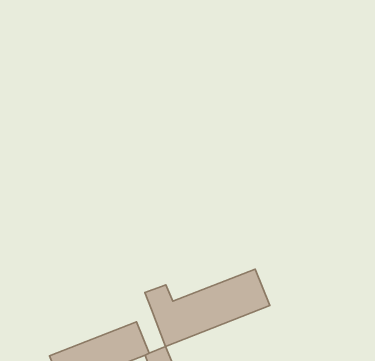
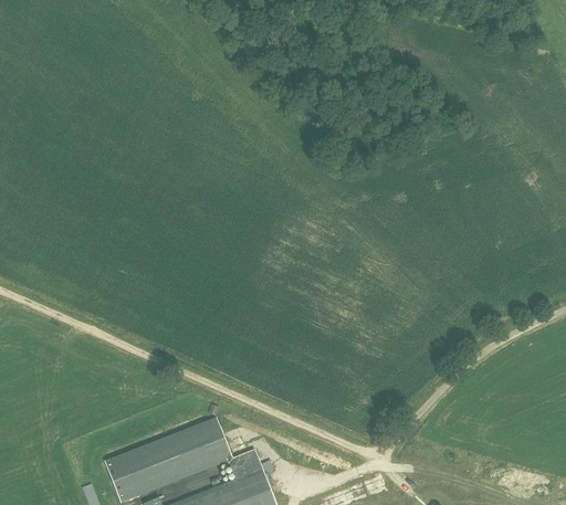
building: [145,269,270,346] -> none

